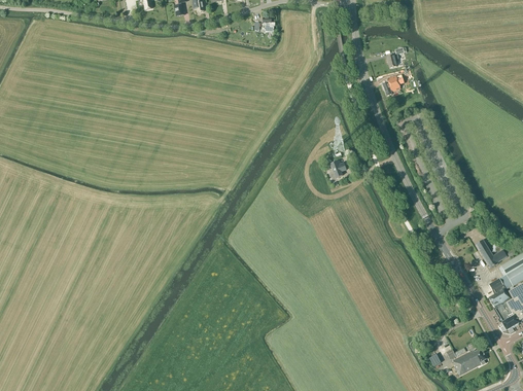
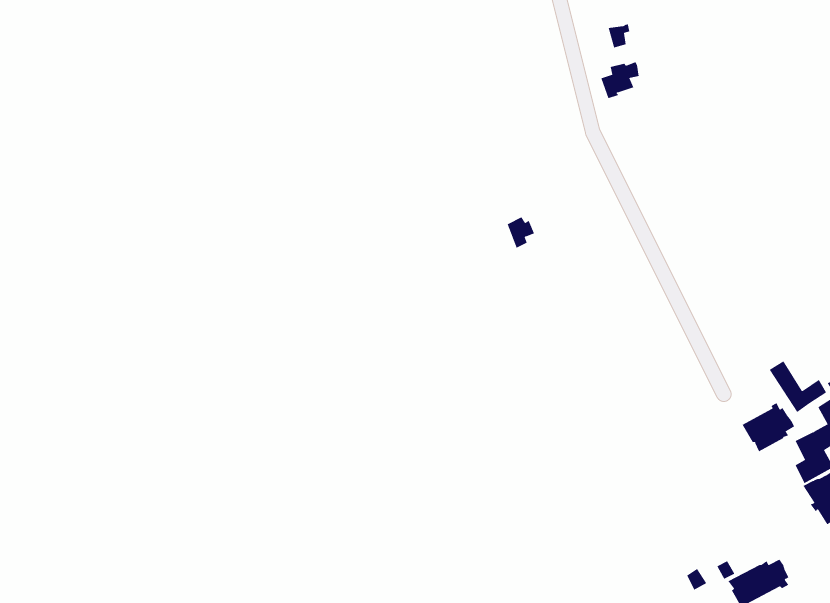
building: none -> [742,402,795,452]

